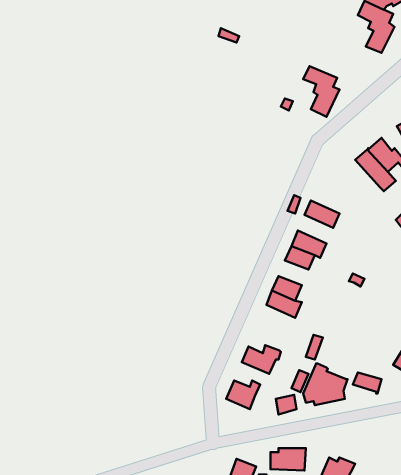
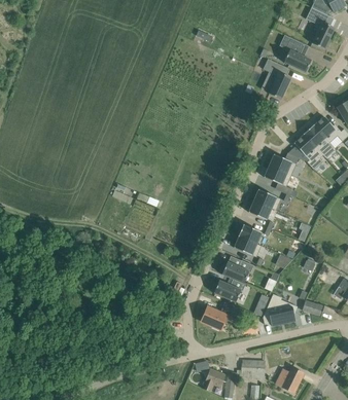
building: none -> [284,37,311,72]
building: none -> [293,133,323,169]
building: none -> [269,152,300,175]
building: none -> [221,260,253,283]

